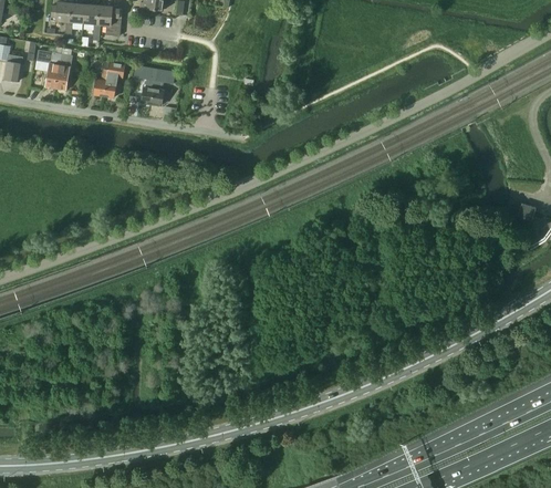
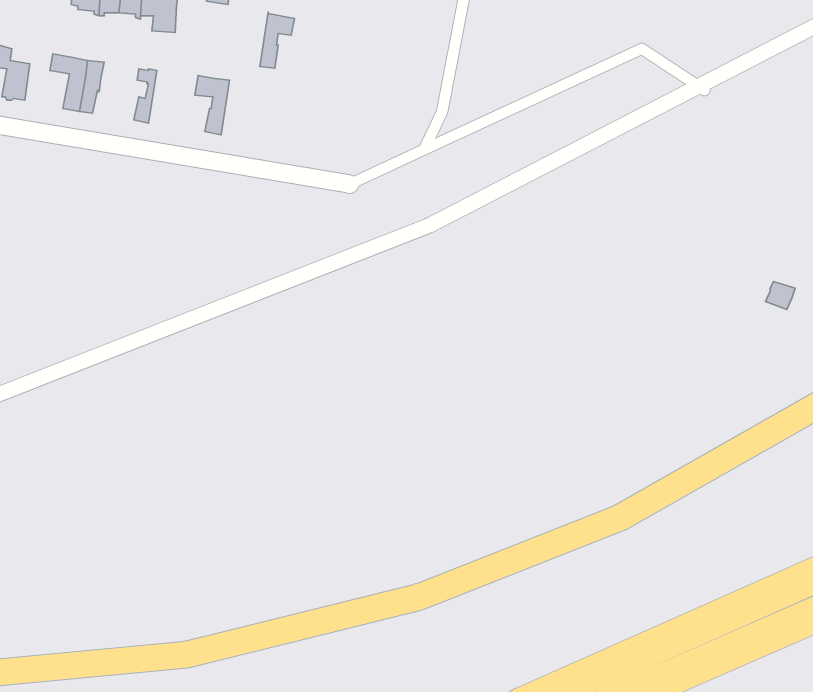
building: [102,60,125,97] -> none
building: [150,68,174,105] -> [260,12,295,68]

